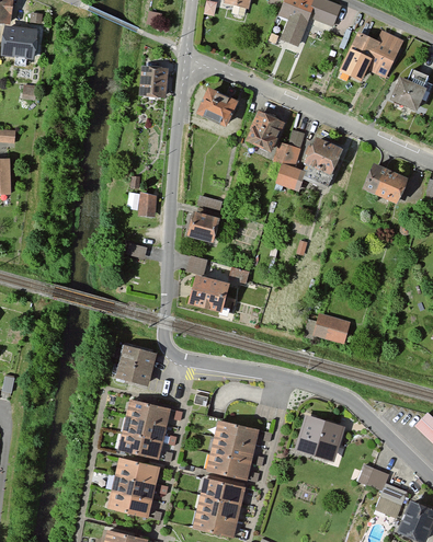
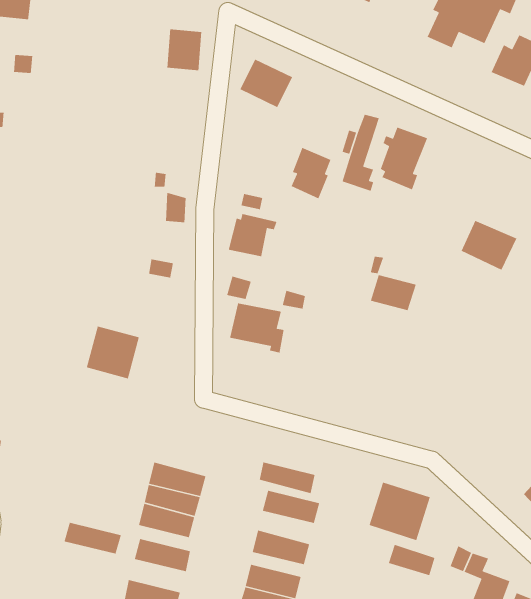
building: [249,112,281,152] -> [290,147,332,199]
building: [364,164,408,204] -> [461,220,517,271]
building: [314,314,350,343] -> [370,274,417,311]
building: [115,344,157,385] -> [86,325,140,379]
building: [210,438,254,463] -> [259,462,316,494]
building: none -> [388,544,436,576]
building: [111,475,156,500] -> [64,522,122,555]

